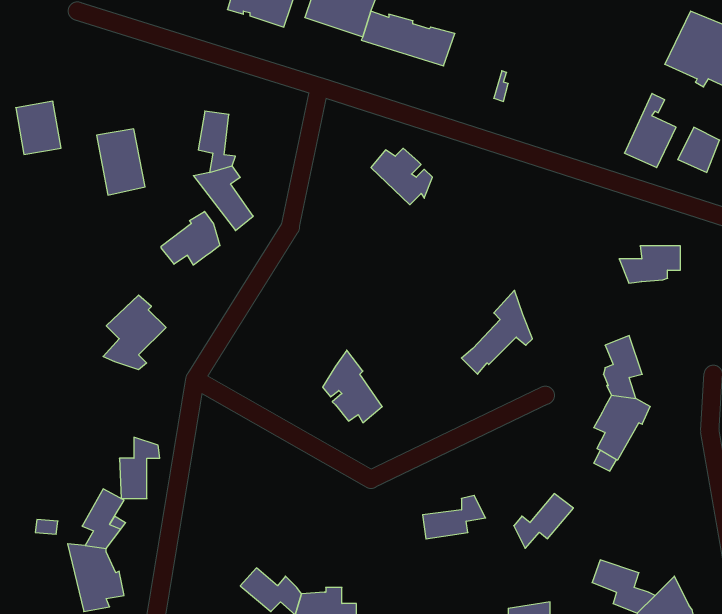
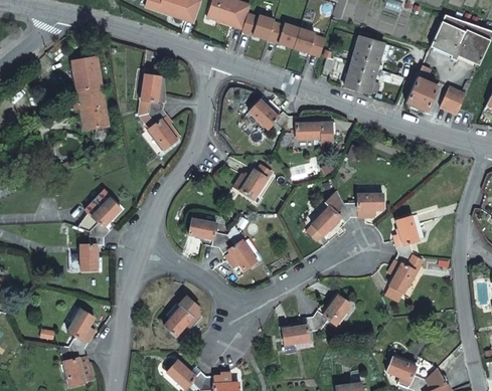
building: none -> [294,27,326,55]
building: none -> [345,37,384,93]
building: [16,101,61,154] -> [72,57,101,90]
building: none -> [282,116,334,145]
building: [161,211,220,265] -> none
building: [619,246,680,283] -> [343,194,381,217]
building: none -> [233,165,271,198]
building: none -> [188,218,226,247]
building: [119,437,160,499] -> [79,231,105,269]
building: none -> [163,296,203,336]
building: [514,494,573,548] -> [313,295,350,329]

